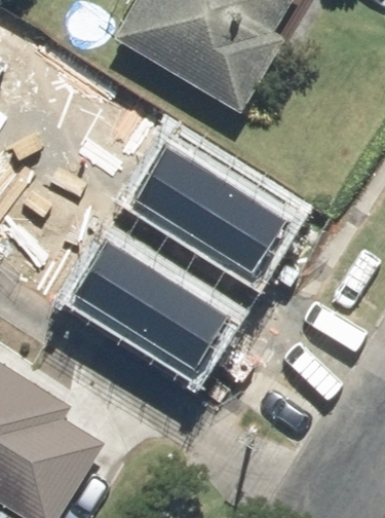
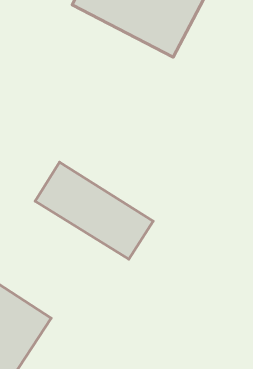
building: [129,146,279,269] -> none

